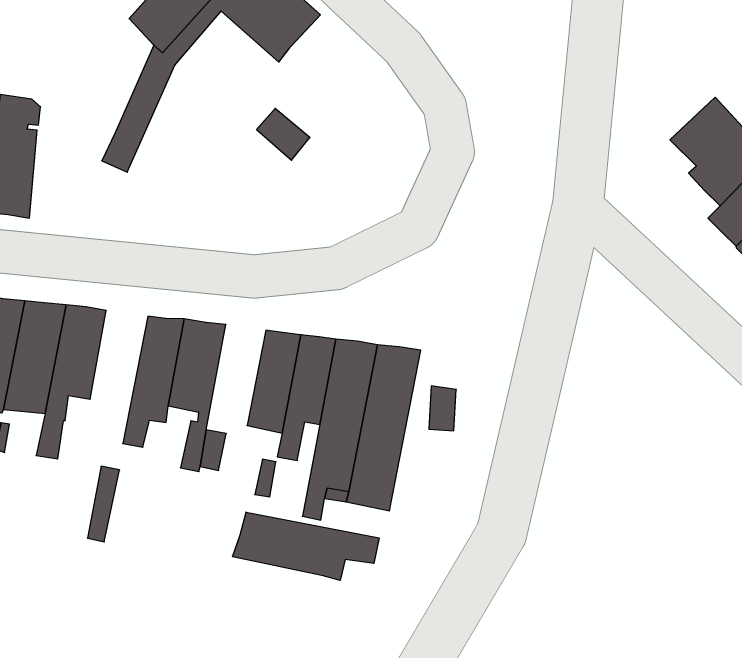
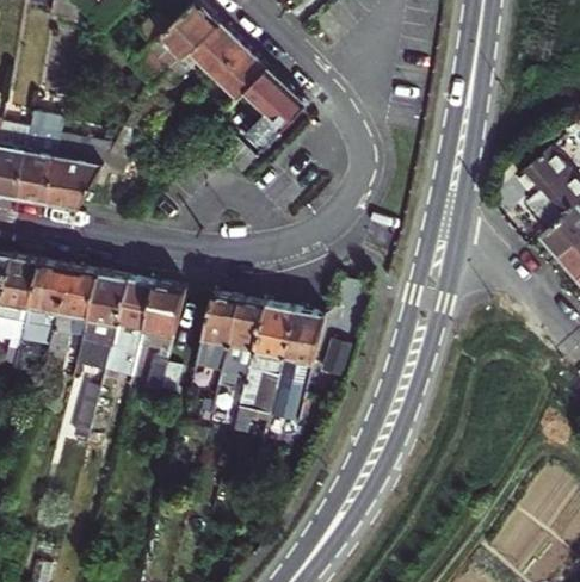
building: none -> [242,70,303,151]
building: none -> [47,136,112,210]
building: none -> [75,274,128,371]
building: [233,512,379,580] -> none

